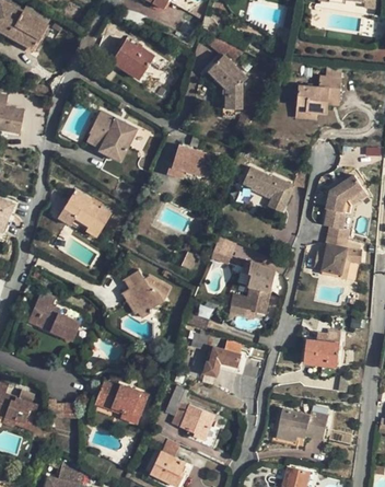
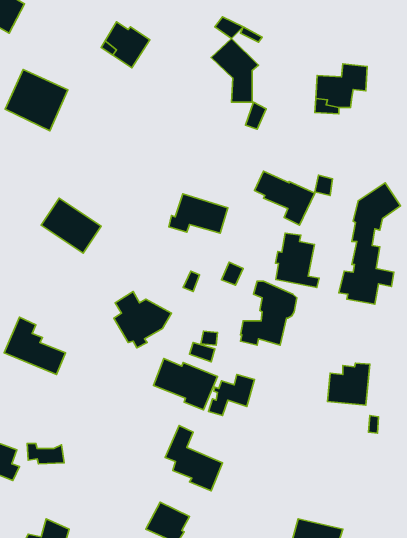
building: [83,109,137,162] -> [5,70,68,131]
building: [167,146,218,179] -> [169,194,228,233]
building: none -> [276,233,319,288]
building: [95,381,150,425] -> [154,359,218,410]
building: [278,409,329,442] -> none

